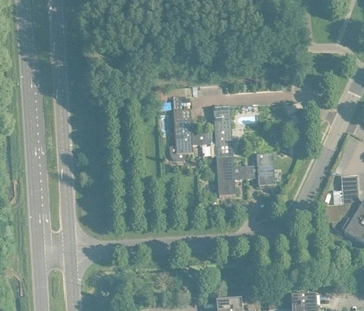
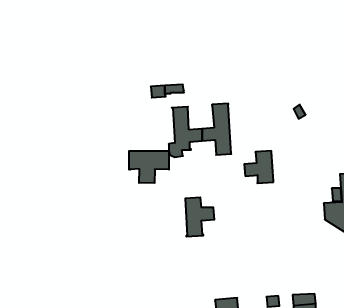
building: none -> [129,151,169,183]
building: [217,155,246,194] -> [185,197,214,237]

